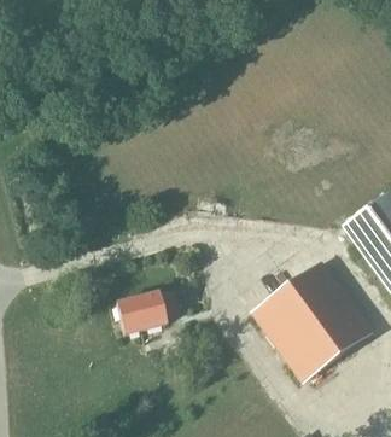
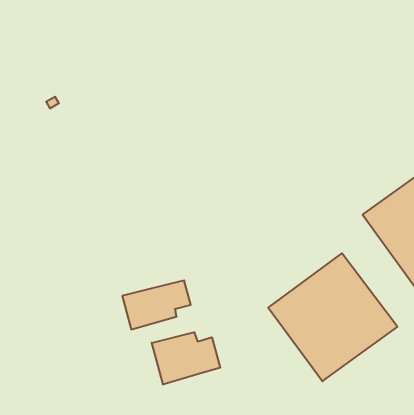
building: none -> [152,332,220,385]

